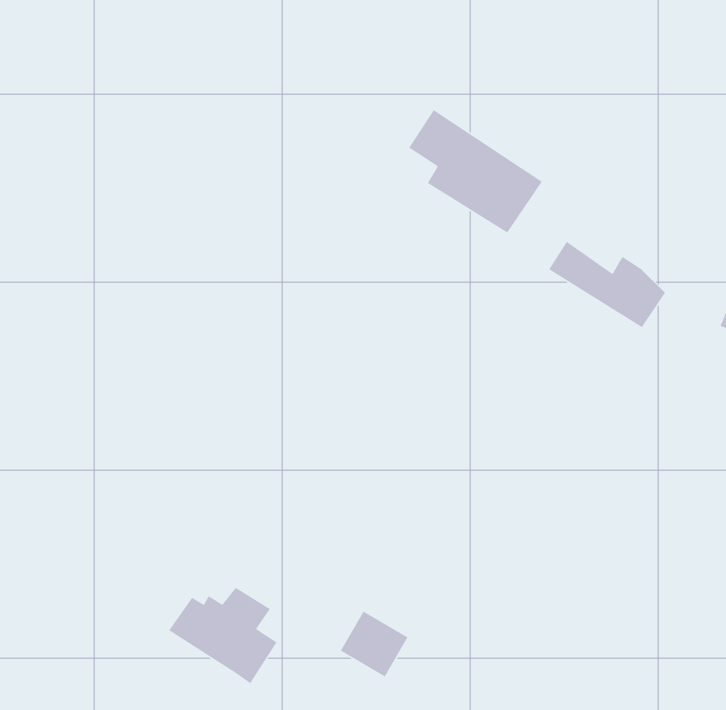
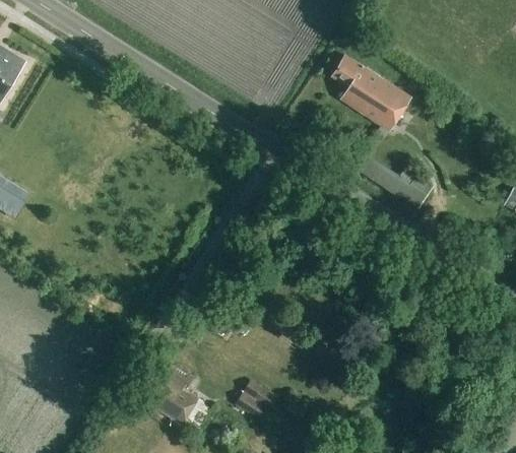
building: [408,109,543,234] -> [329,55,410,130]

